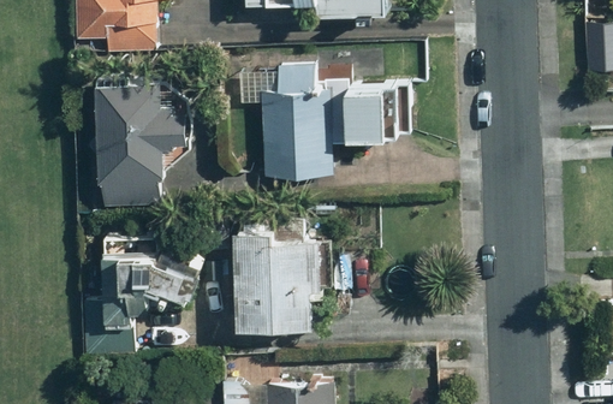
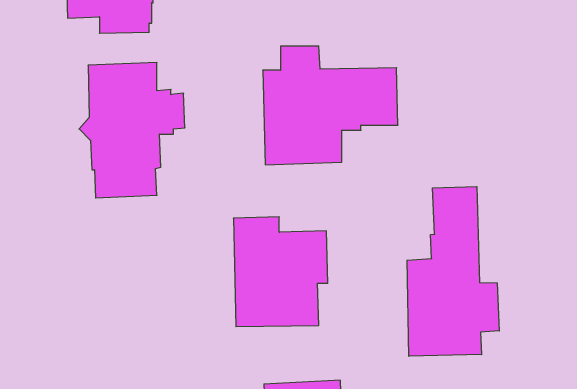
building: none -> [407,187,499,356]
building: [82,242,202,361] -> none

